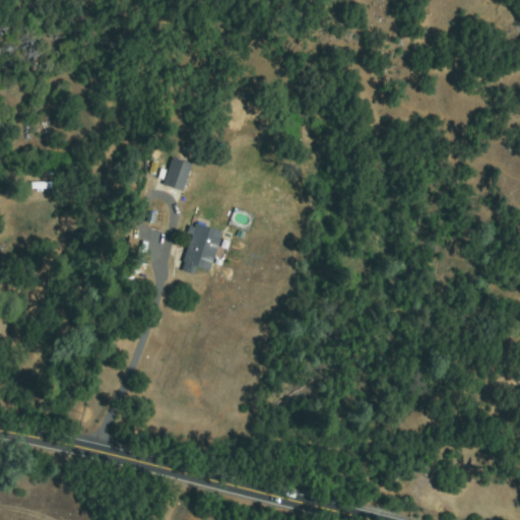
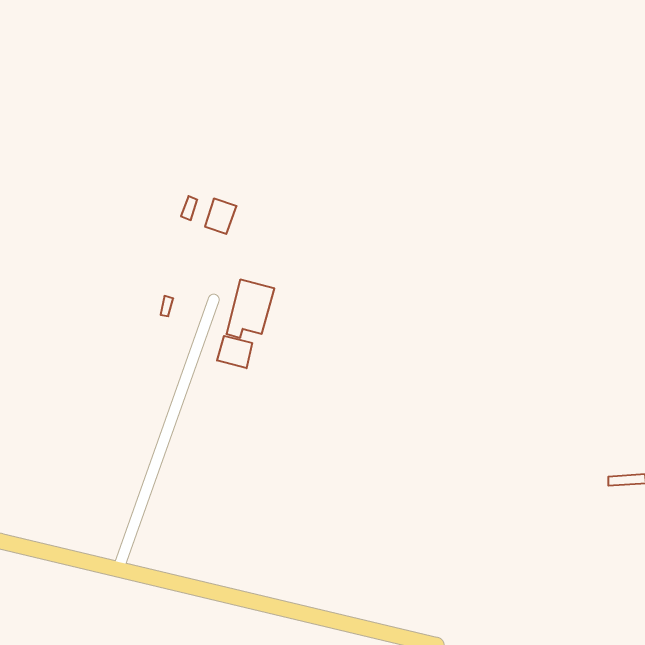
building: none -> [217,336,252,368]

